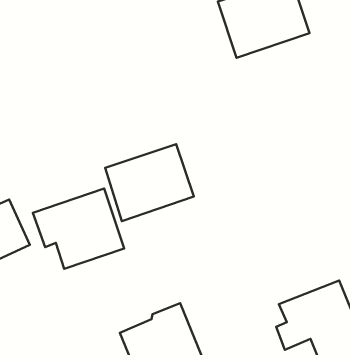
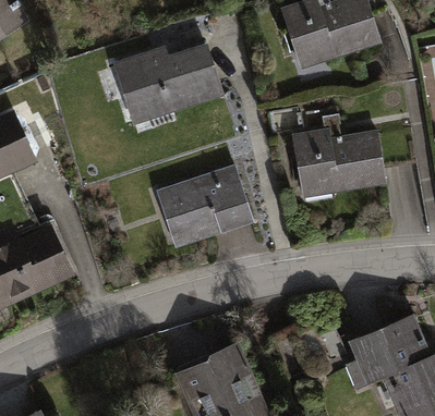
building: none -> [112,41,223,123]
building: none -> [291,112,387,198]
building: [33,189,124,269] -> none

